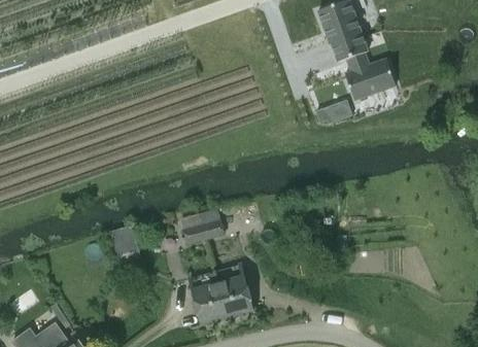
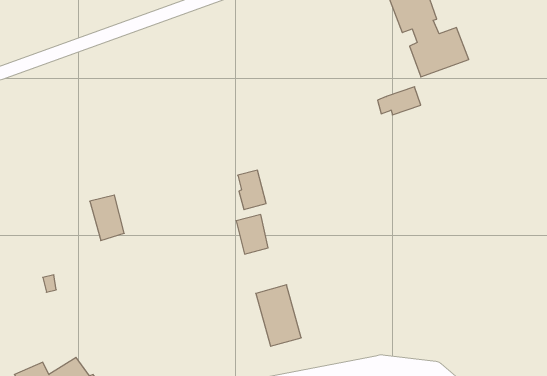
building: [181,214,205,247] -> [238,170,266,210]
building: [110,227,139,265] -> [90,195,124,241]
building: [189,275,227,326] -> none

